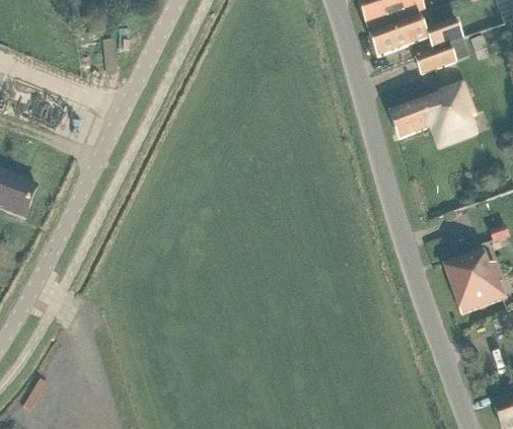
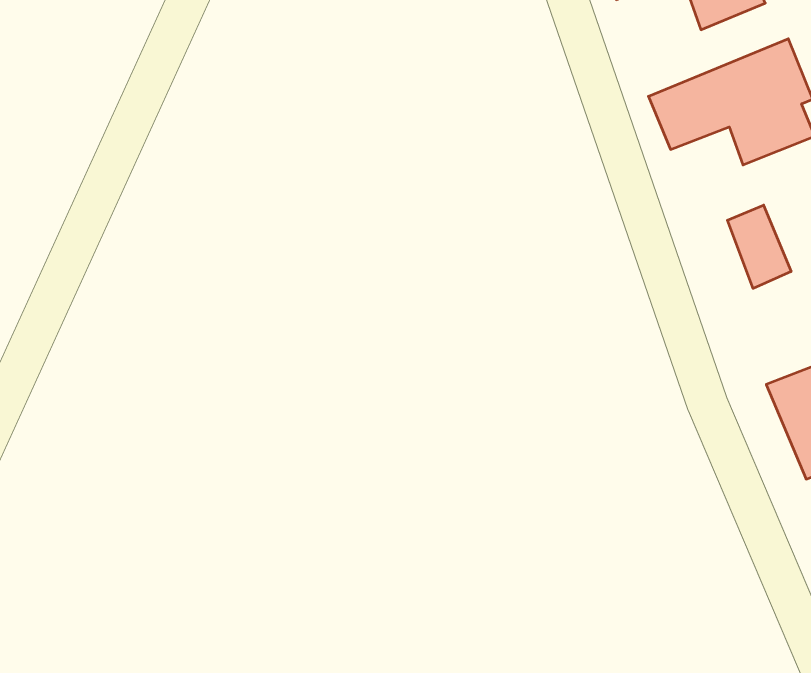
building: none -> [727,205,791,288]

